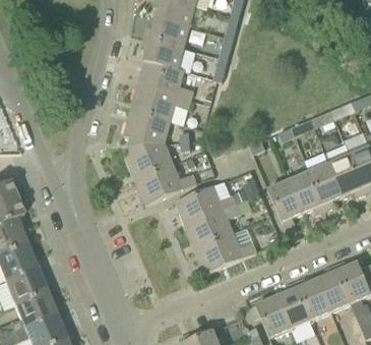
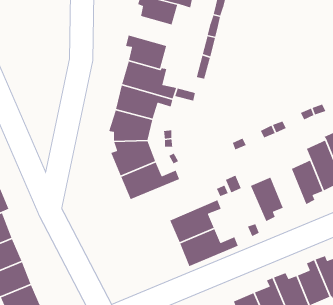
building: [144,17,201,50] -> none
building: [290,172,325,214] -> none
building: [176,185,236,225] -> none

